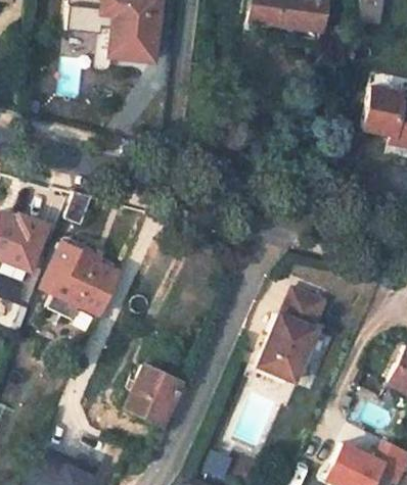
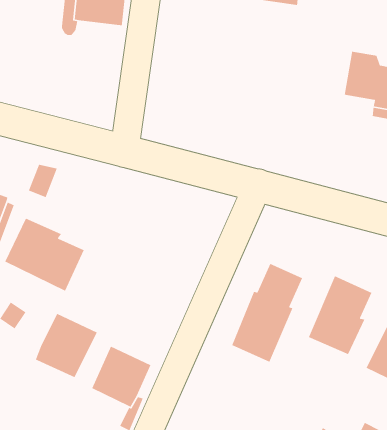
building: none -> [308,275,372,355]
building: none -> [35,313,98,378]

